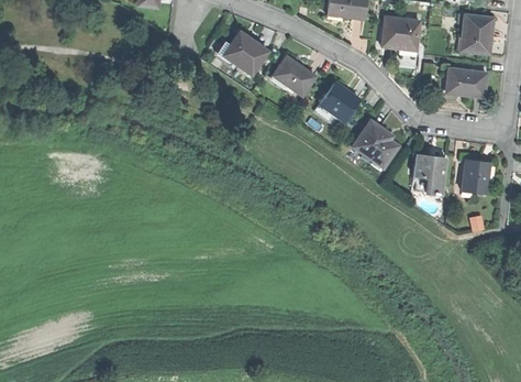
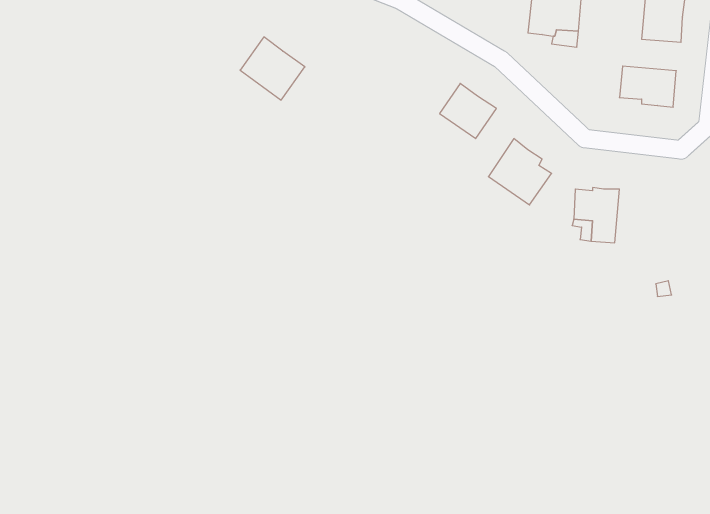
building: [223,30,268,74] -> [240,37,305,100]
building: [274,56,315,95] -> none
building: [461,160,489,194] -> none

